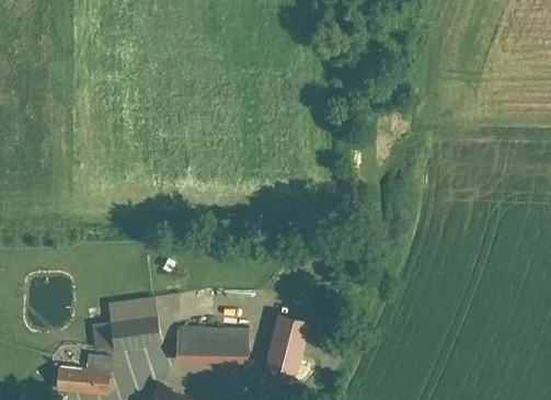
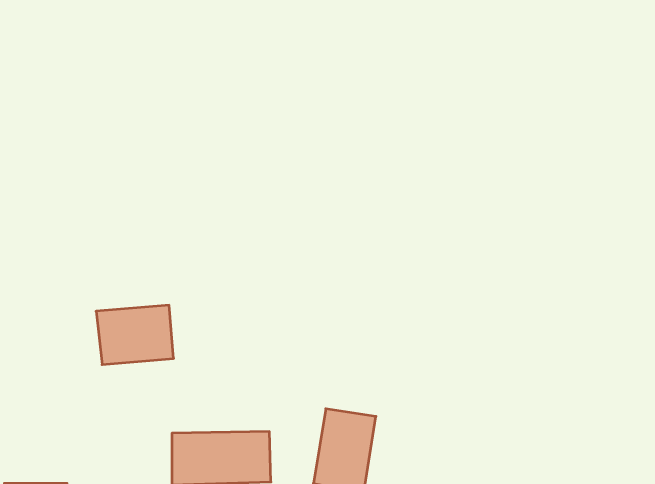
building: [99,309,154,352] -> [96,305,174,365]

